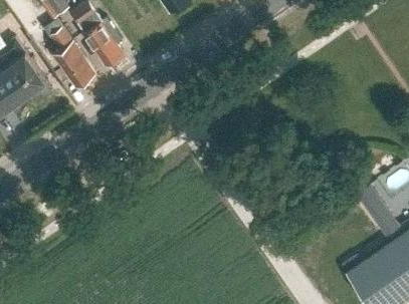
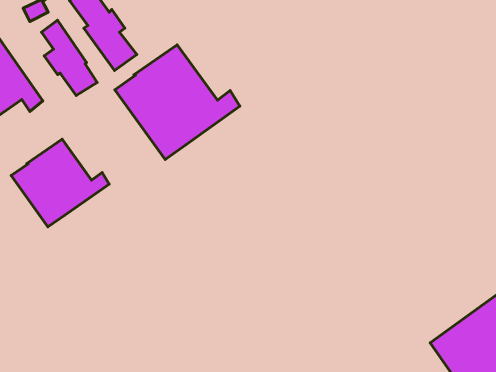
building: none -> [115,45,240,159]
building: none -> [11,139,109,227]

